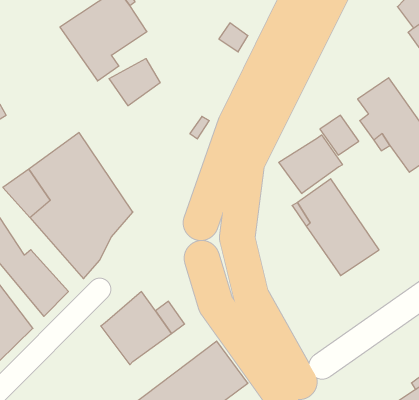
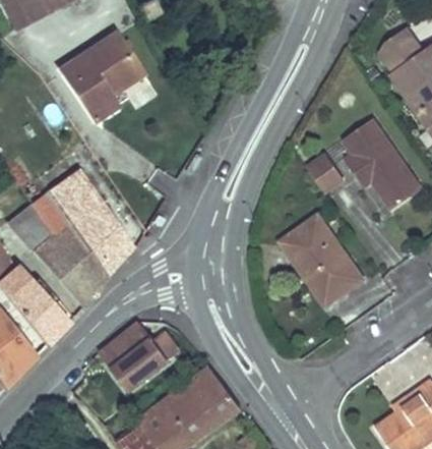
building: [109,59,160,106] -> none
building: [279,135,342,194] -> none

